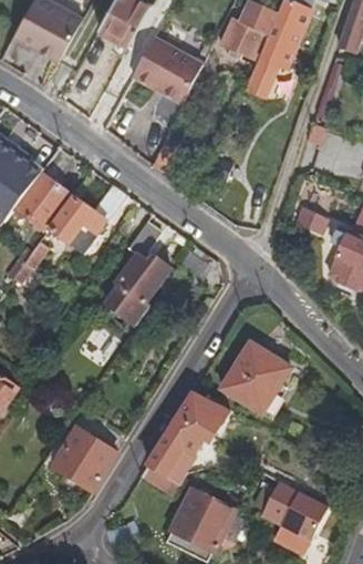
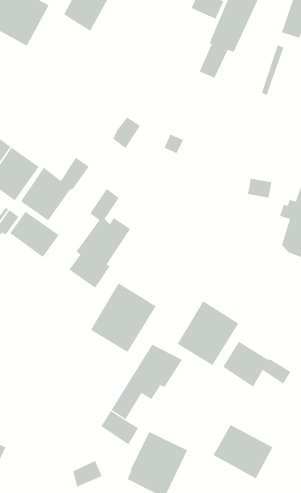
building: [219,16,266,61] -> none
building: [132,37,201,103] -> none
building: none -> [9,211,60,258]
building: none -> [90,282,156,353]
building: none -> [223,341,291,387]
building: [51,427,116,491] -> none

